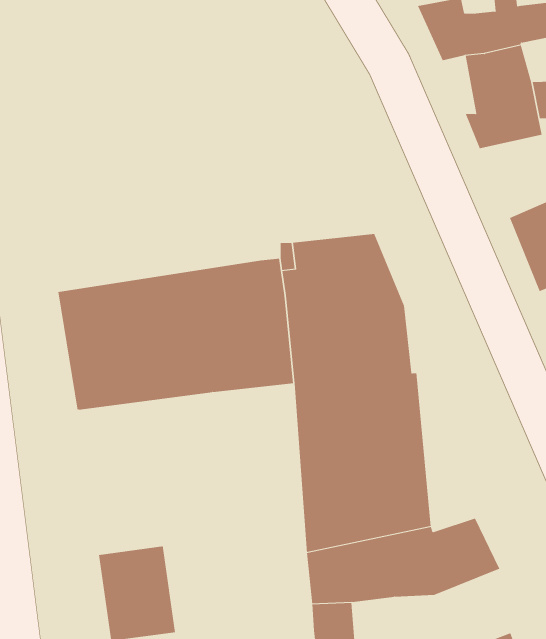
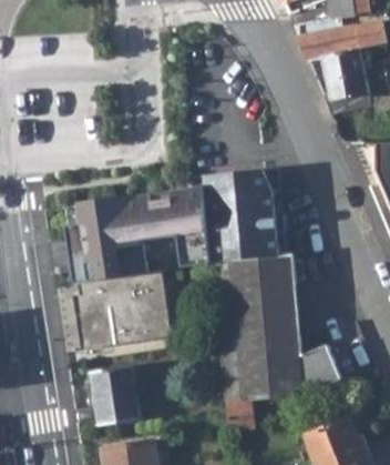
building: none -> [72,269,171,348]

